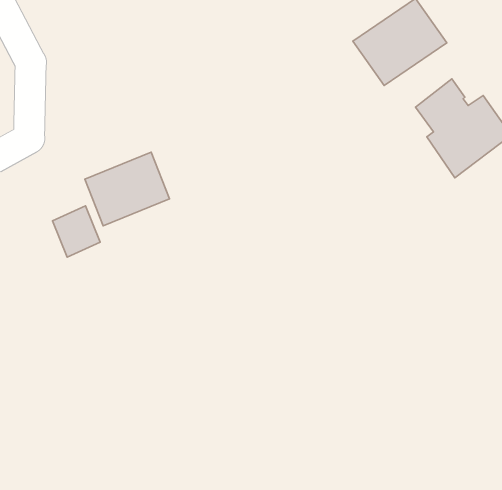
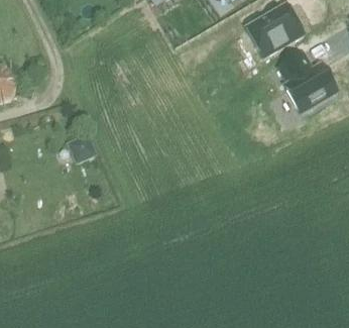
building: [85,152,170,226] -> none

